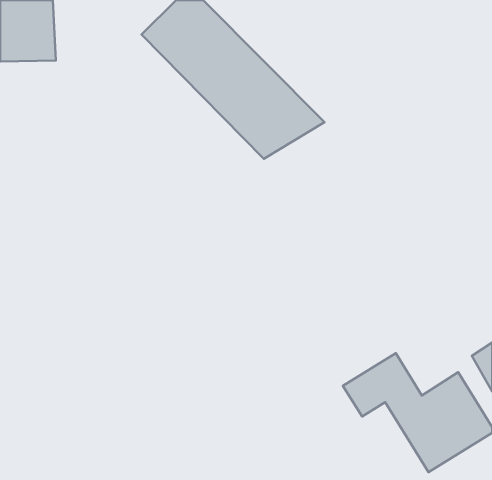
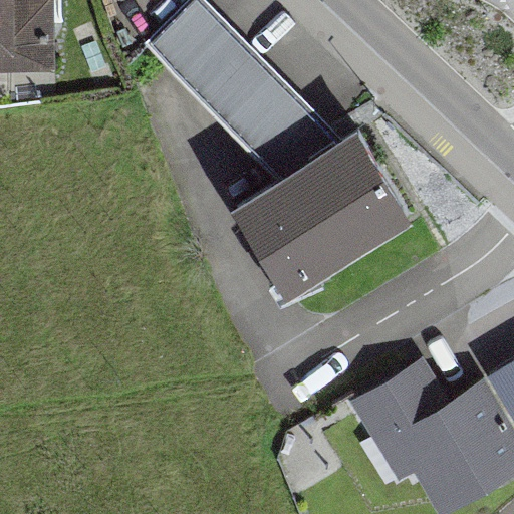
building: none -> [234,127,414,292]

